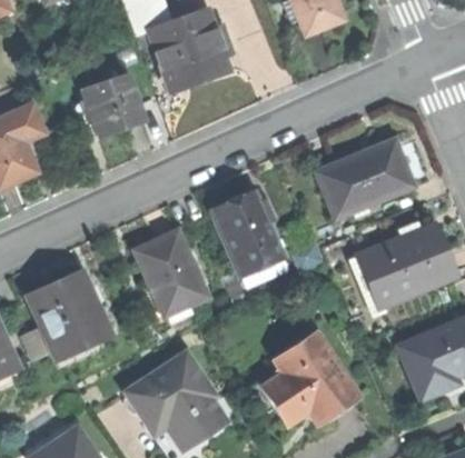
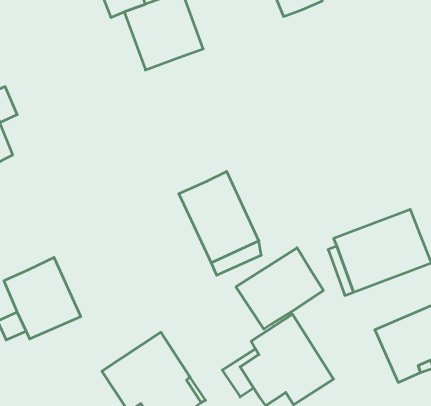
building: [83,72,146,137] -> none
building: [316,148,414,220] -> none
building: [135,232,207,316] -> none
building: none -> [236,248,323,329]

